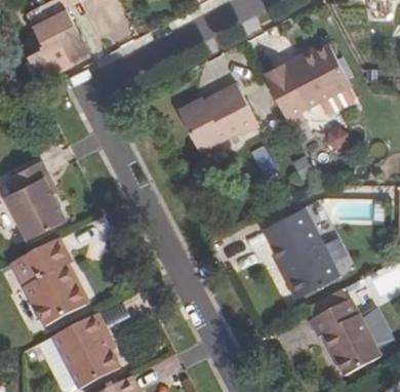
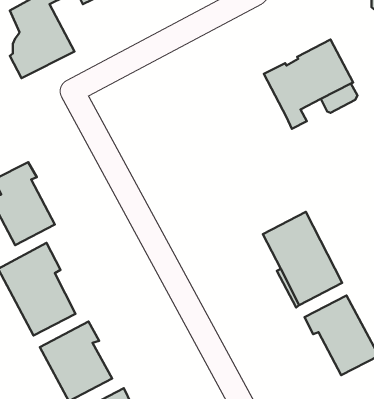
building: [178,81,258,151] -> none

